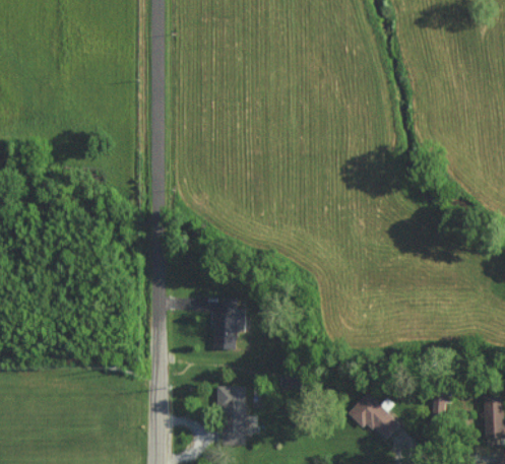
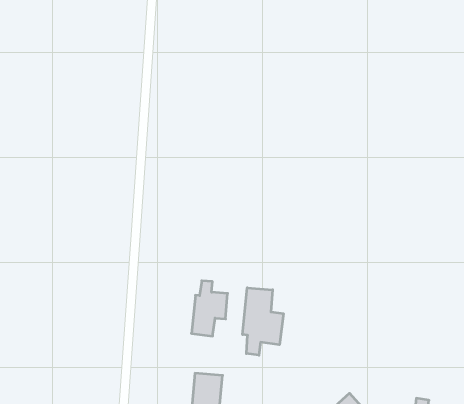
building: none -> [243,288,283,355]

